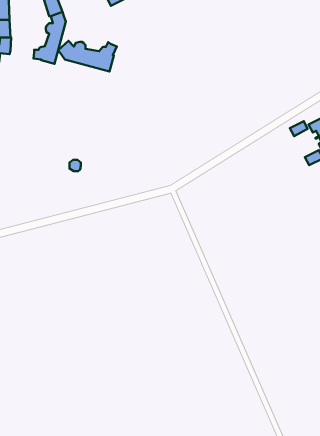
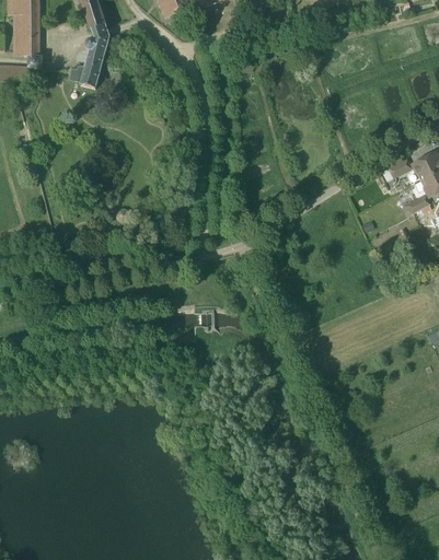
building: [58,41,117,71] -> none

